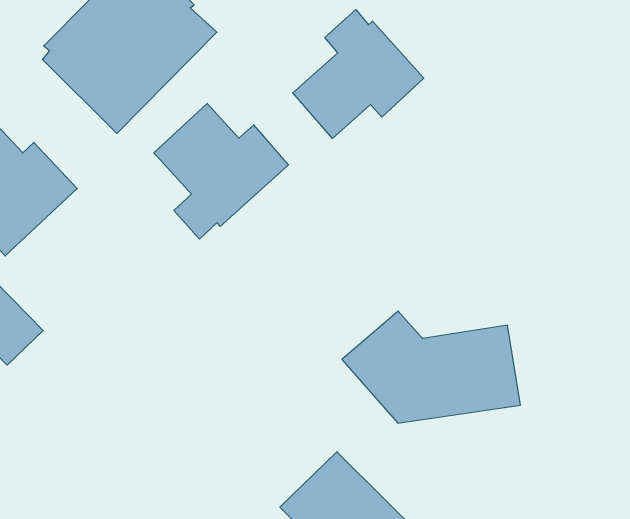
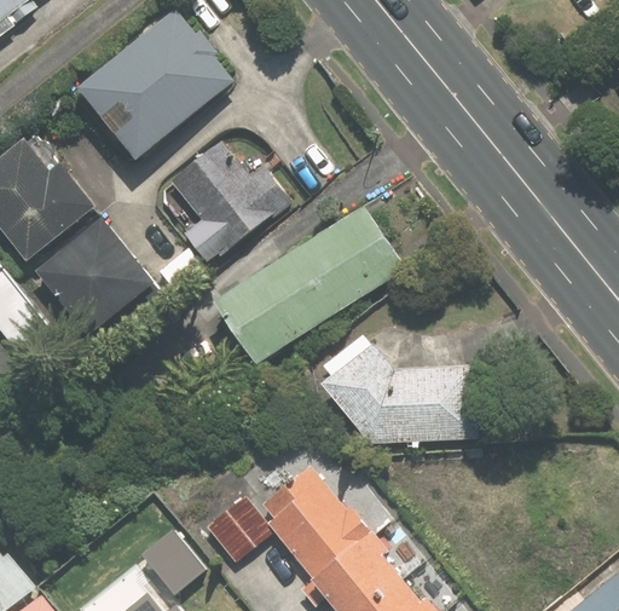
building: [293,10,424,139] -> none
building: none -> [213,206,400,367]
building: none -> [35,217,156,336]

